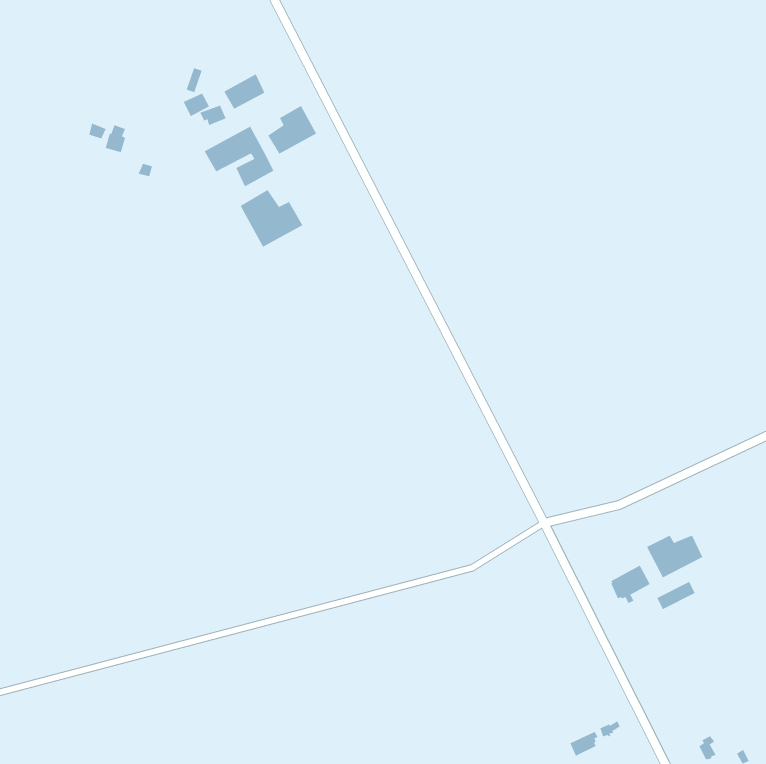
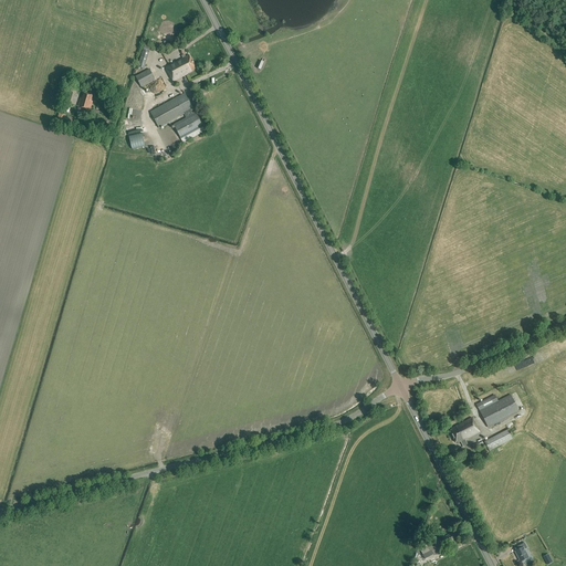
building: [267,105,317,155] -> none
building: [240,189,303,247] -> none

